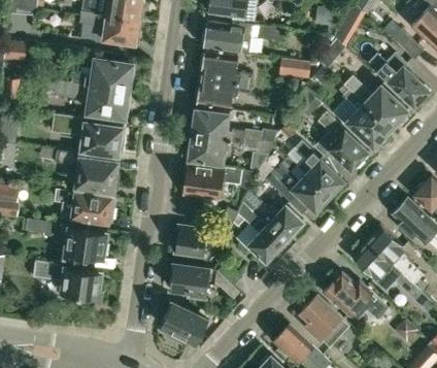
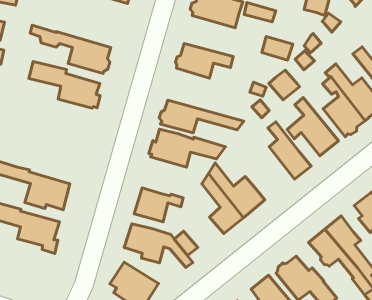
building: [199,52,251,82] -> none
building: [71,59,134,91] -> none
building: [191,108,276,145] -> none
building: [56,150,119,191] -> none
building: [265,164,329,211] -> none
building: [55,189,113,223] -> none

